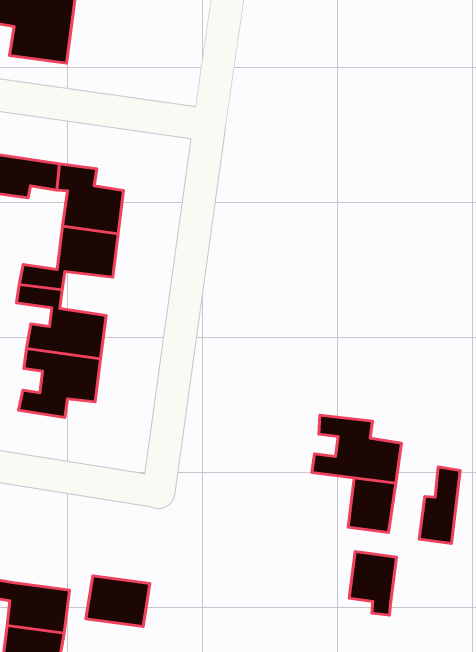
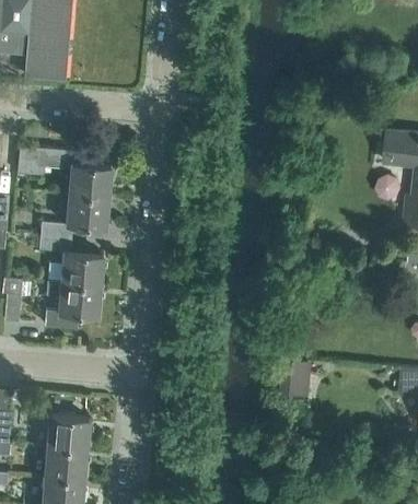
building: [312,415,402,483] -> none
building: [419,467,460,543] -> none
building: [349,552,397,615] -> none
building: [86,576,150,627] -> [47,415,91,449]

